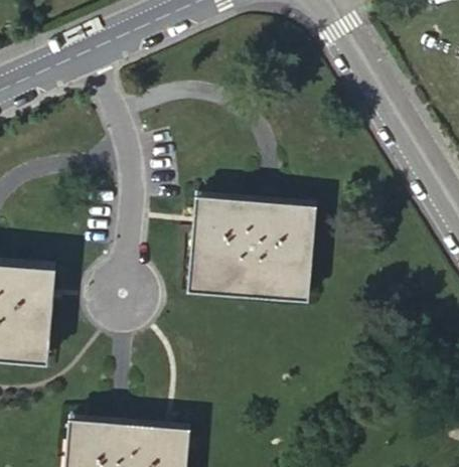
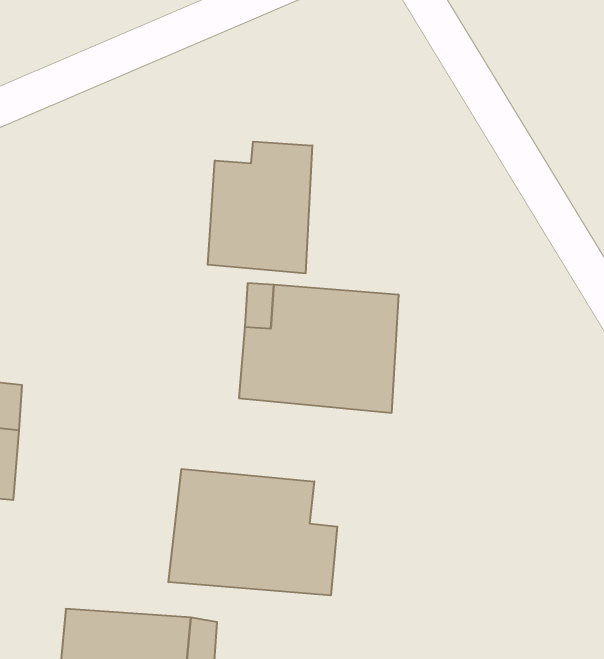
building: none -> [208,142,312,273]
building: none -> [168,469,337,595]

